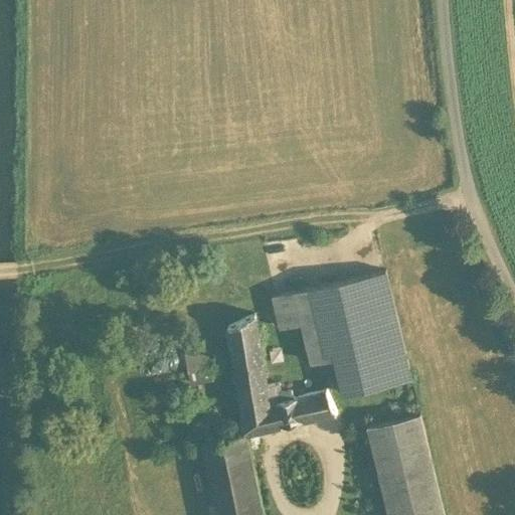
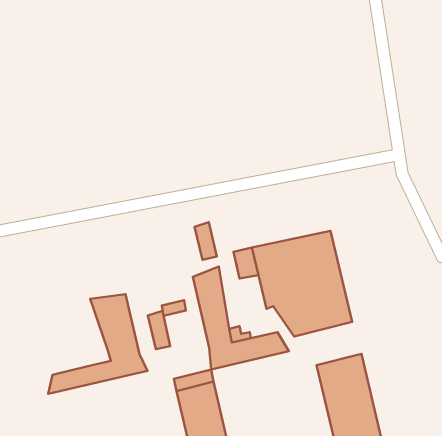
building: none -> [194,222,217,260]
building: none -> [48,294,148,394]
building: none -> [148,311,170,349]

